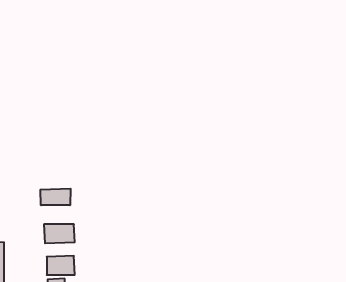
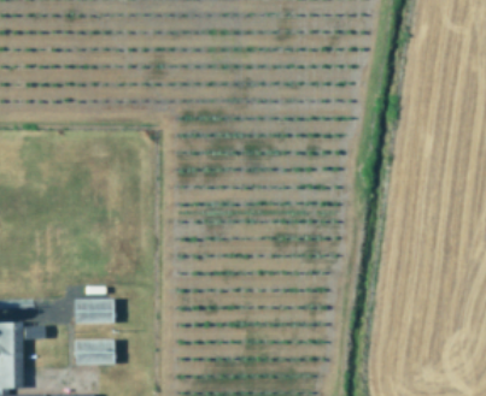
building: [40,189,71,205] -> none

